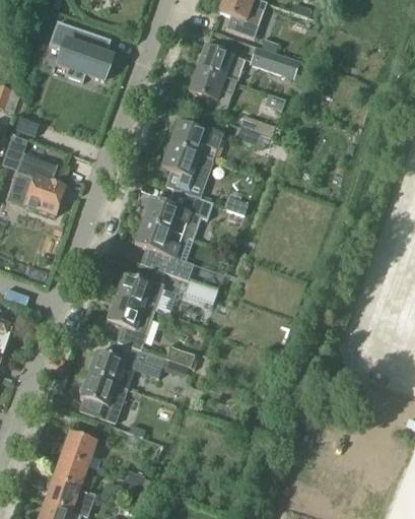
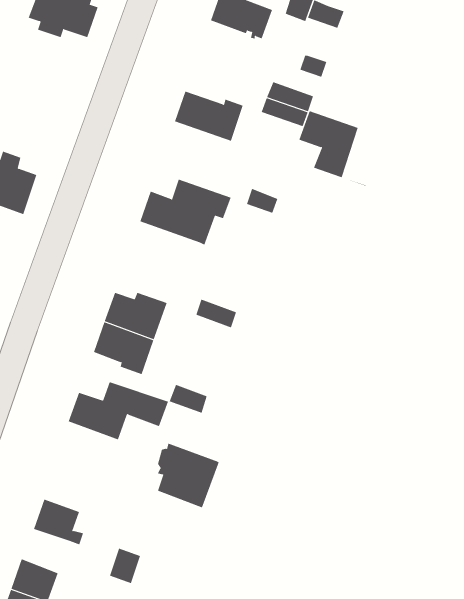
building: [188,68,235,102] -> none
building: [160,145,212,203] -> [299,110,367,186]
building: [134,221,192,279] -> none
building: [79,374,127,424] -> [157,443,220,508]
building: [52,456,88,490] -> none

